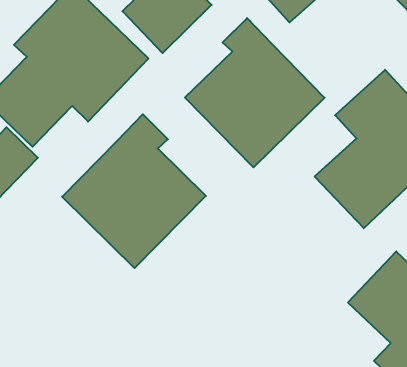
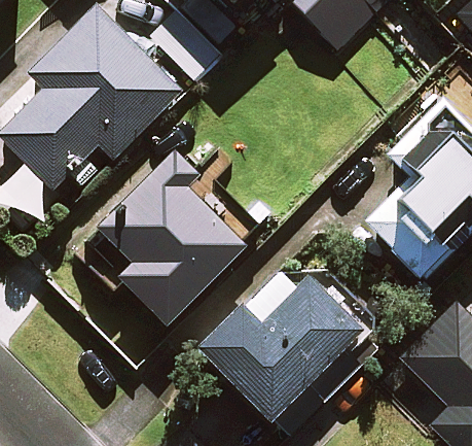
building: [185,18,325,167] -> none
building: none -> [199,268,378,418]

